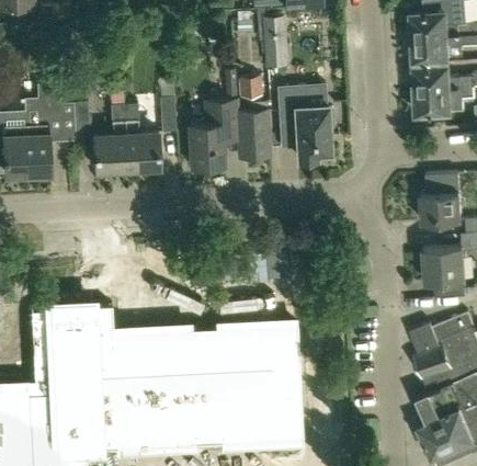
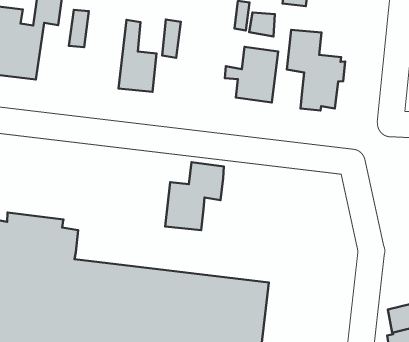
building: [189,101,238,166] -> [165,162,224,230]
building: [93,105,127,172] -> none

